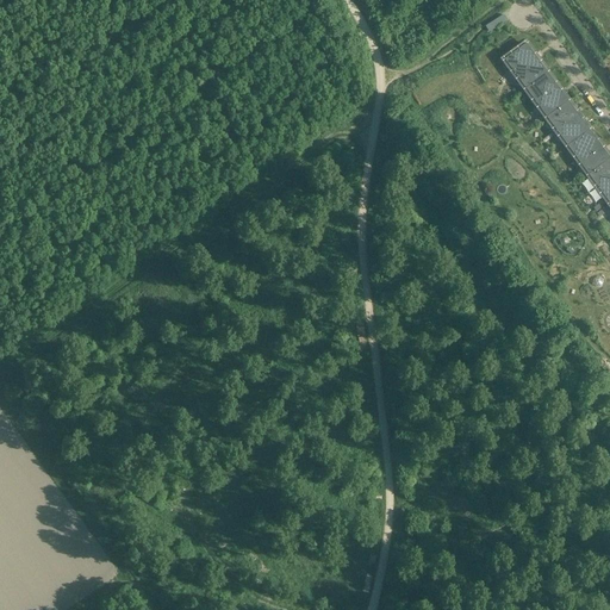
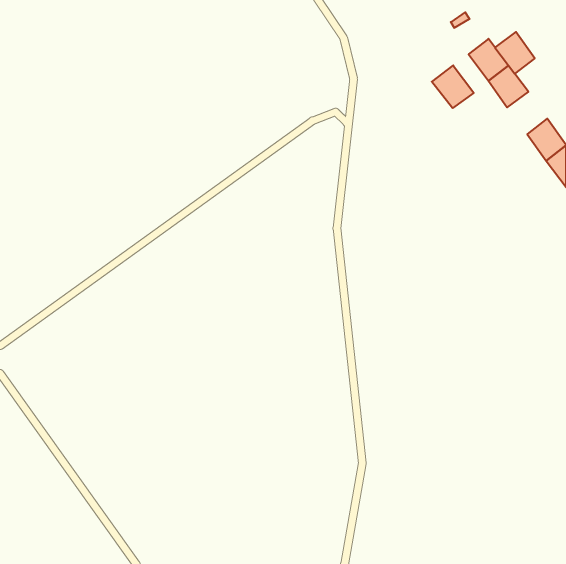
building: none -> [432,65,474,108]
building: [546,99,589,144] -> [495,32,535,74]

